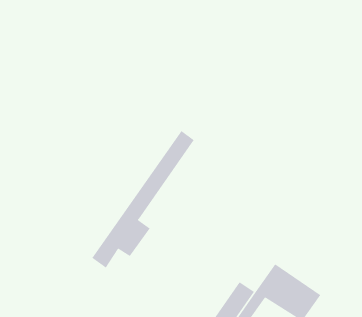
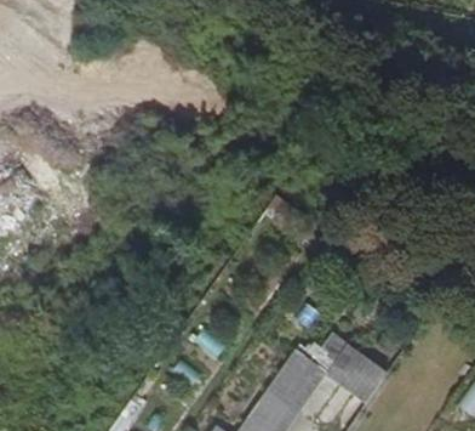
building: [92,130,195,268] -> none

